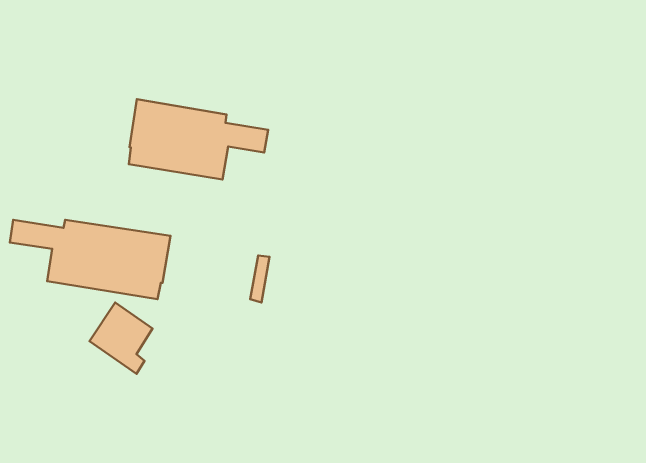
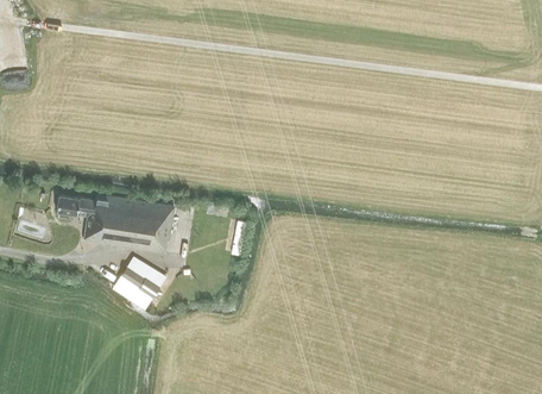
building: [129,99,268,179] -> none

